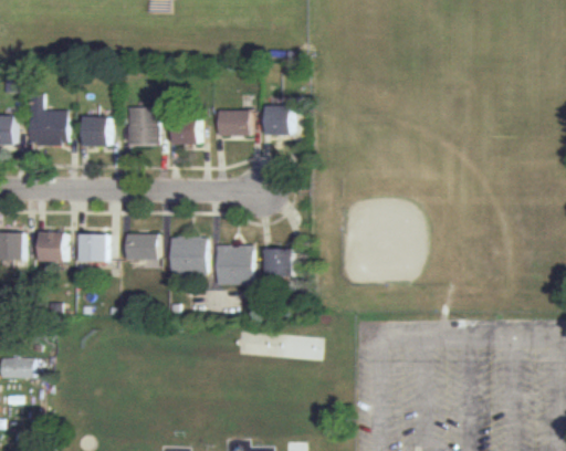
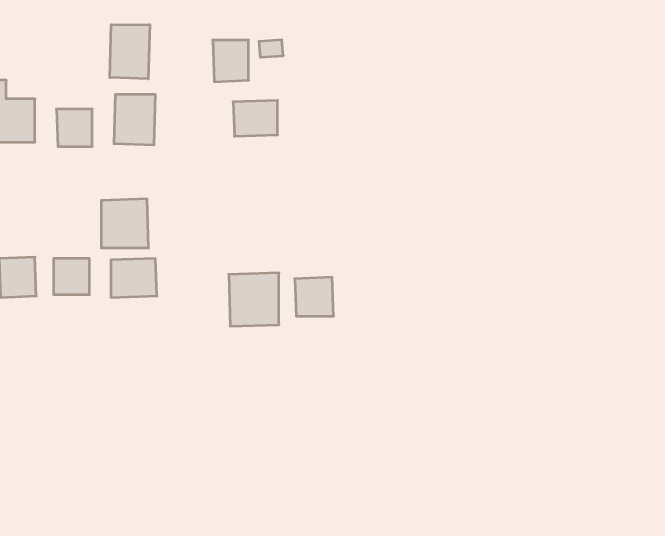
building: none -> [110,25,150,79]
building: [263,106,293,136] -> none
building: [171,115,199,147] -> [213,40,249,82]
building: [169,237,206,274] -> [101,199,149,248]

